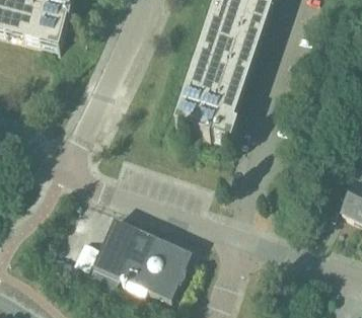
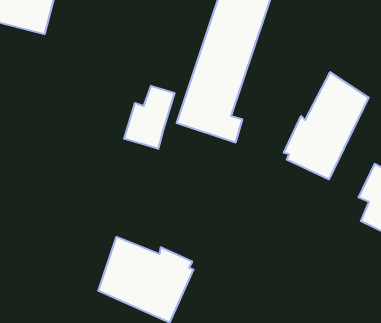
building: none -> [284,72,369,179]
building: none -> [124,86,175,149]

